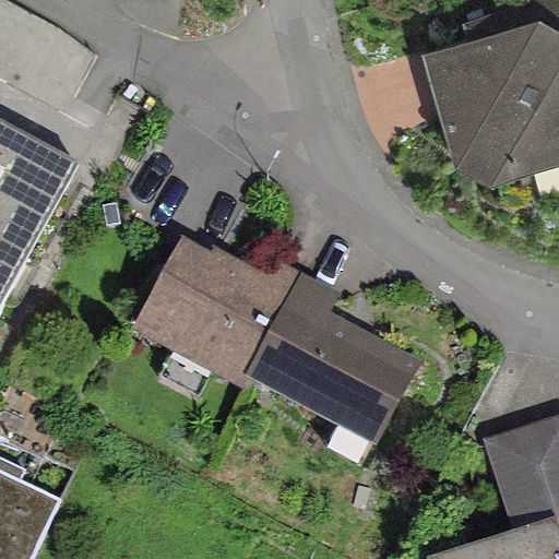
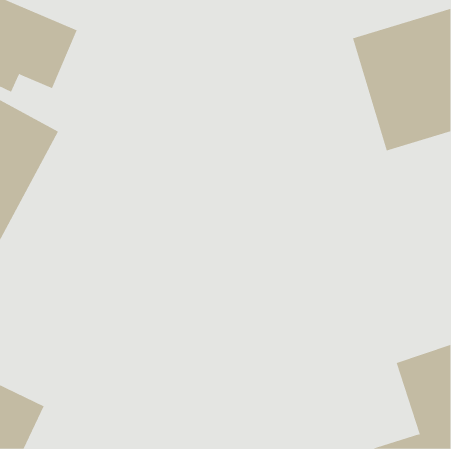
building: [154,255,299,382] -> none
building: [283,316,450,452] -> none

